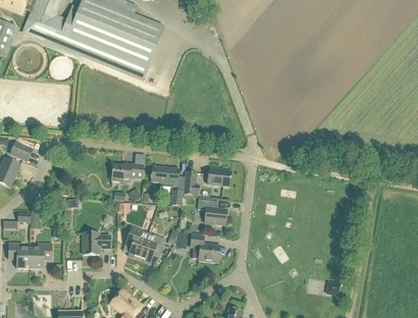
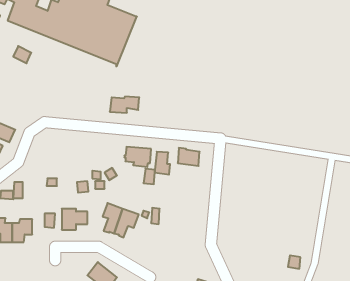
building: [111,163,143,180] -> [110,97,139,113]
building: [197,198,226,224] -> none
building: [190,233,220,262] -> none

